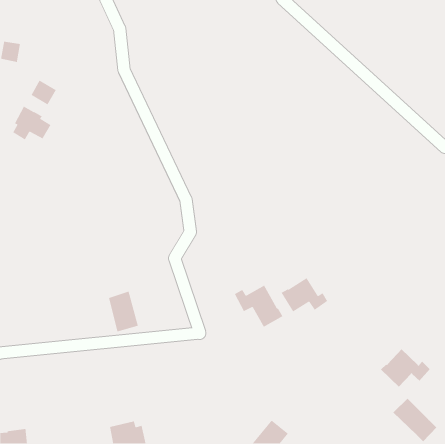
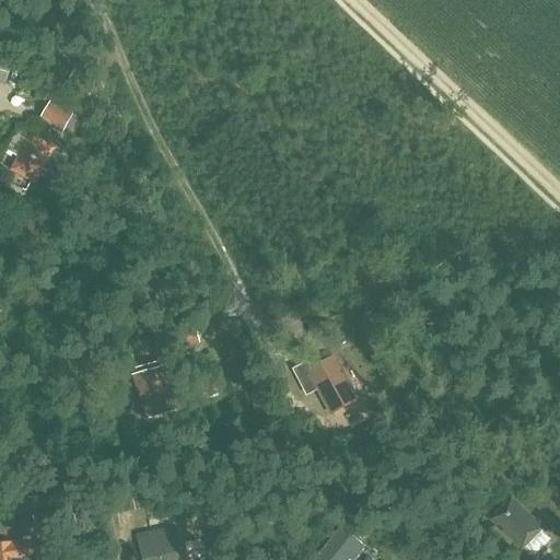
building: [281,277,328,313] -> none
building: [380,348,430,388] -> none

